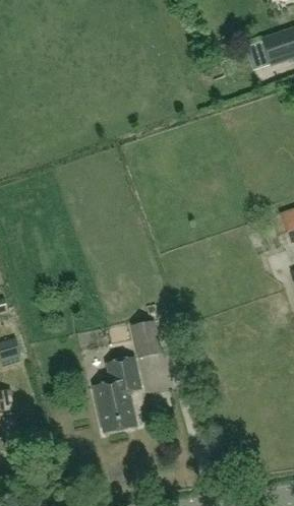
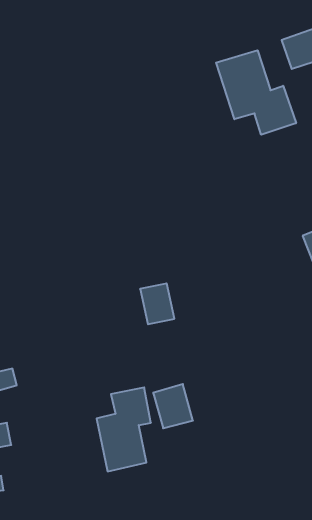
building: none -> [216,50,296,135]
building: [130,320,162,358] -> [140,283,174,324]

